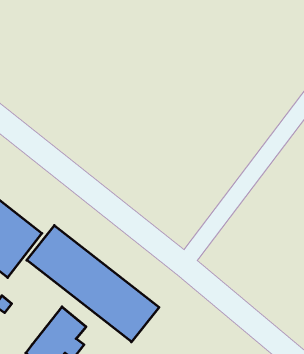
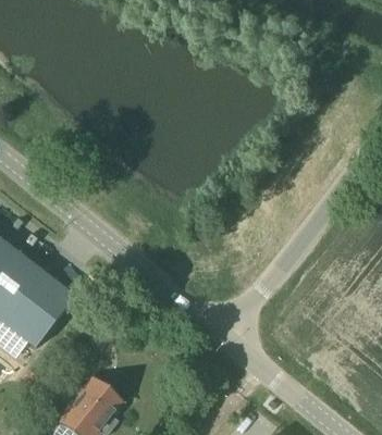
building: [27,225,159,342] -> none

